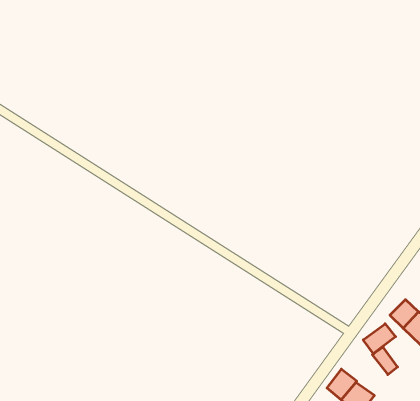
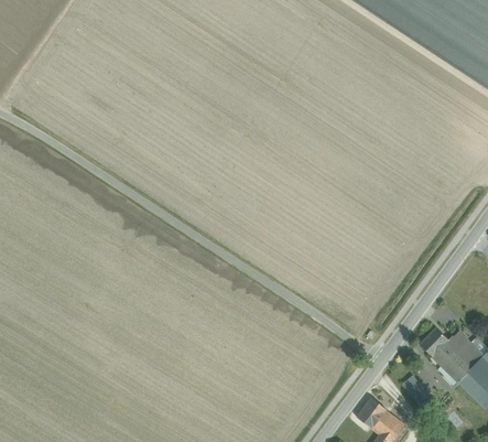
building: [363,324,396,354] -> none

